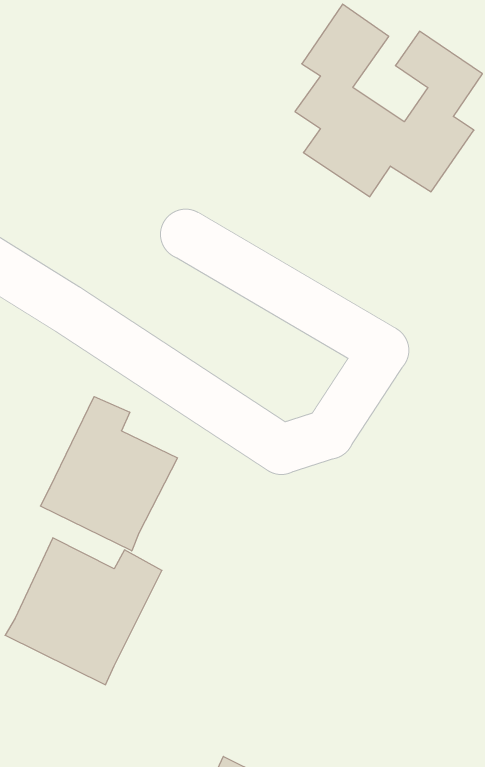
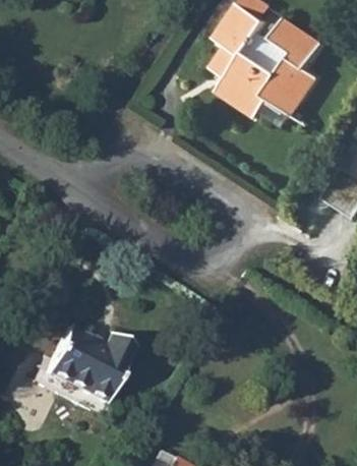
building: [40,397,177,551] -> none

